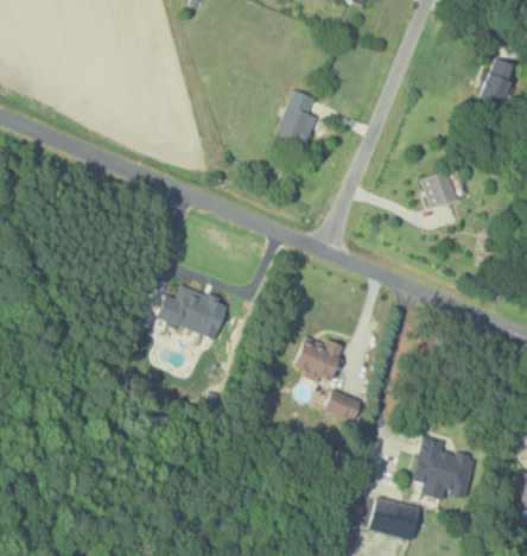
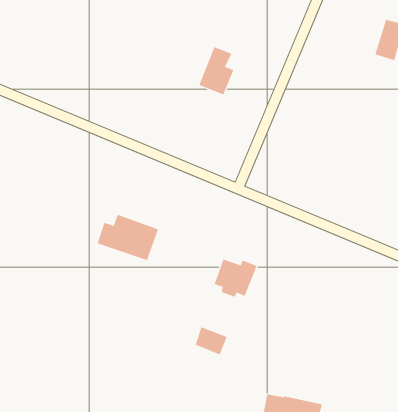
building: [419,169,458,209] -> none
building: [324,388,362,422] -> [195,327,227,355]
building: [412,436,475,500] -> none

